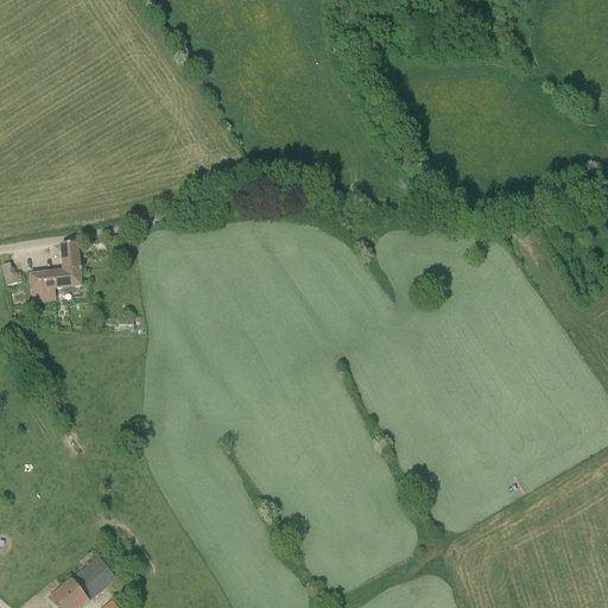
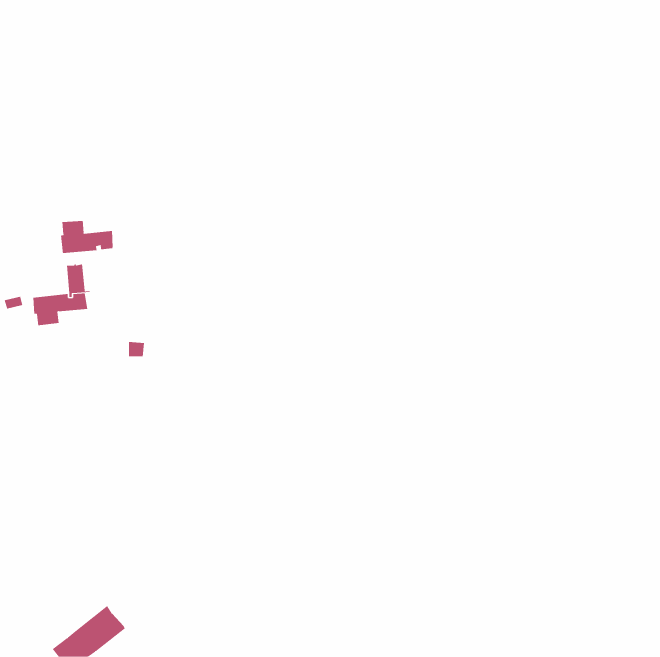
building: none -> [61,220,118,254]

